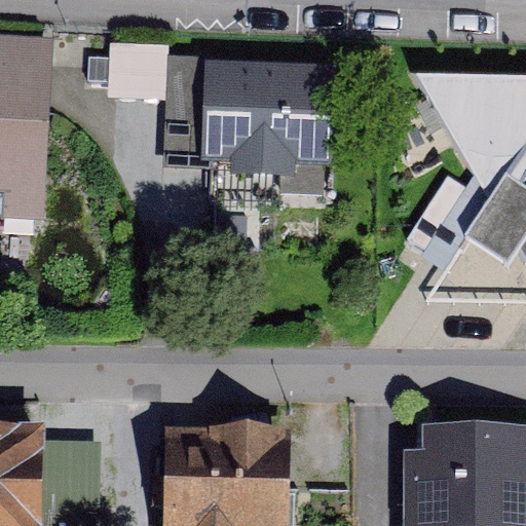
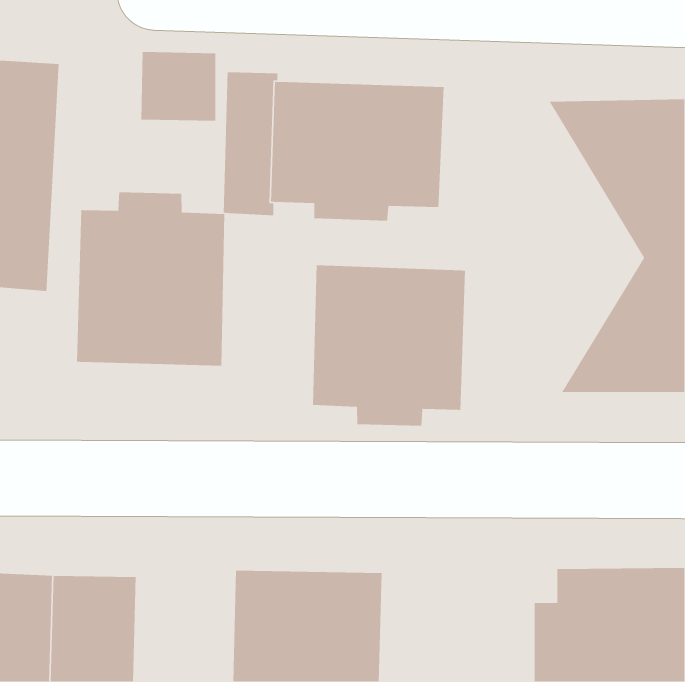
building: none -> [76,192,225,367]
building: none -> [312,265,466,427]

